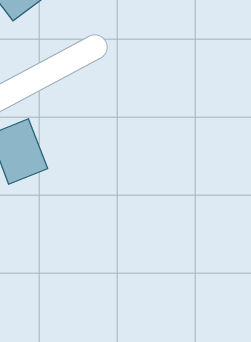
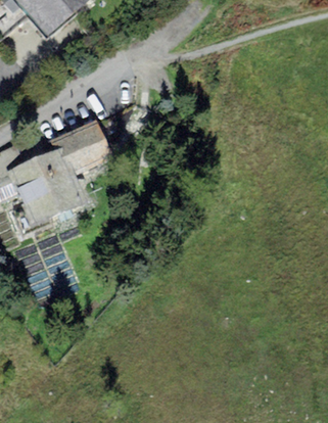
building: none -> [59,118,113,172]

